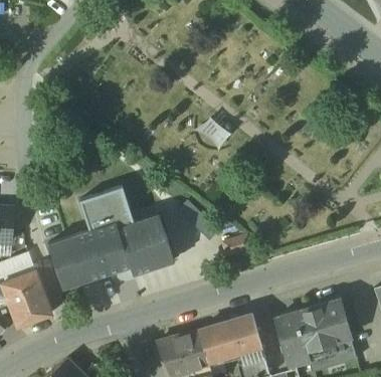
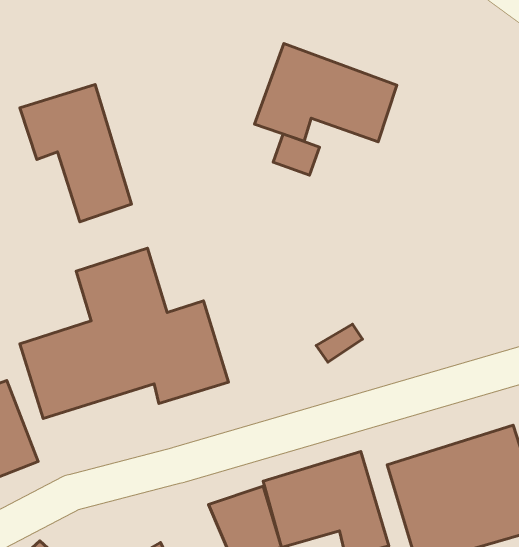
building: none -> [254,43,397,142]
building: none -> [20,85,132,222]

